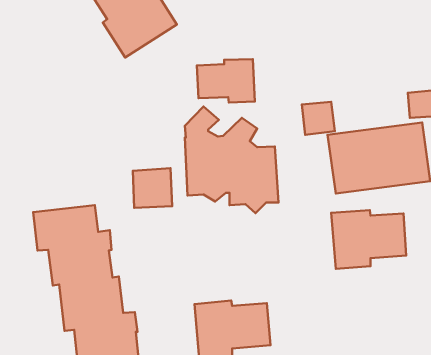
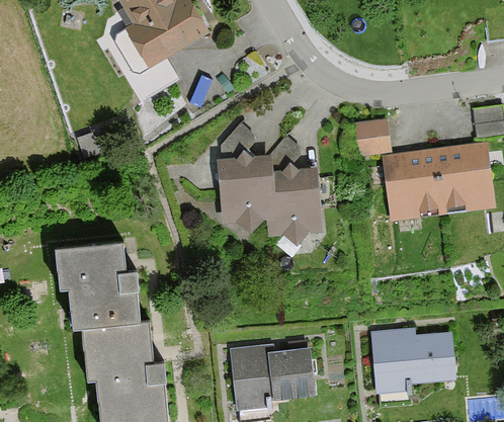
building: [197,59,255,103] -> none
building: [133,168,172,208] -> none
building: [331,210,406,269] -> [369,328,454,395]

